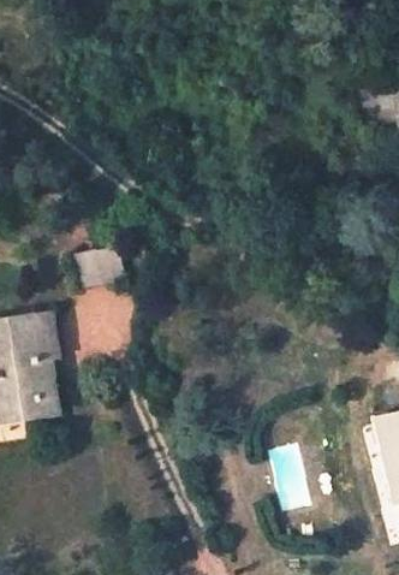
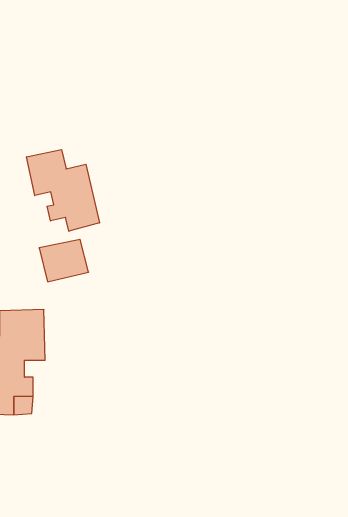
building: none -> [27,150,100,231]

